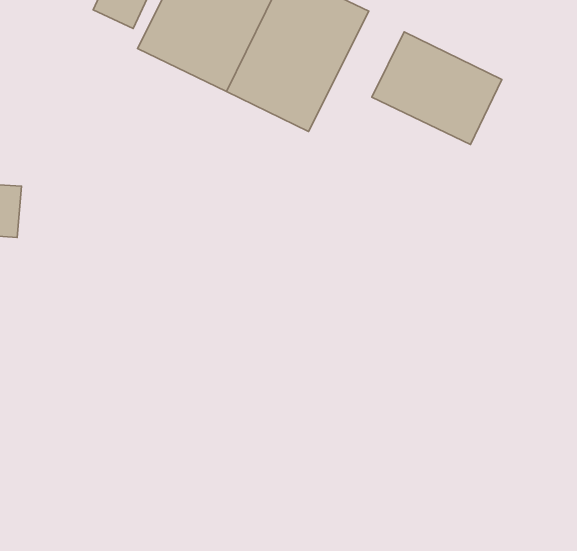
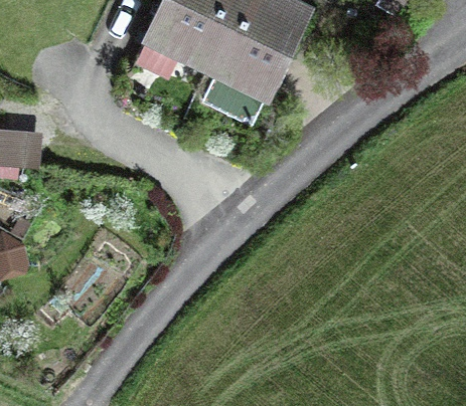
building: [372,32,502,144] -> none

